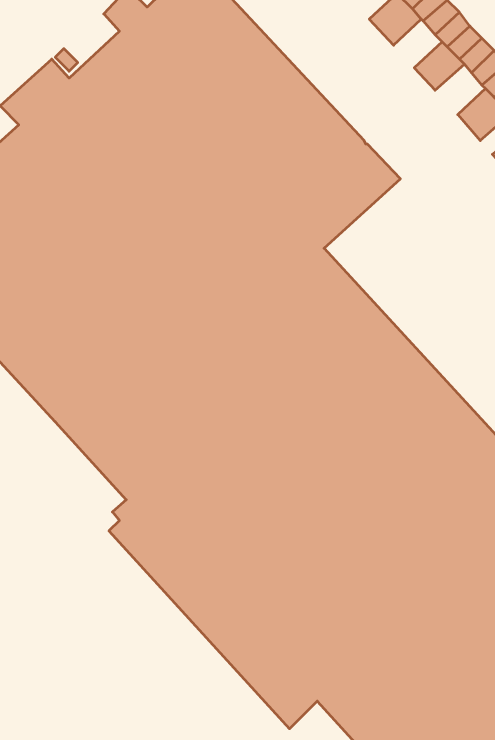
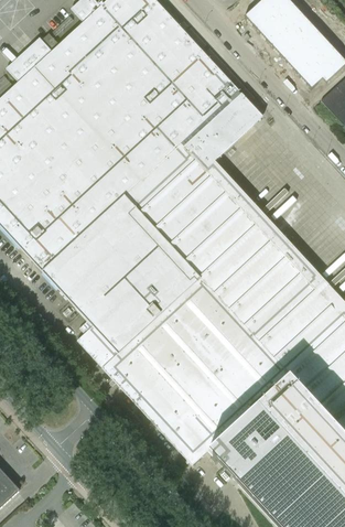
building: none -> [258,14,289,45]
building: none -> [284,43,316,75]

